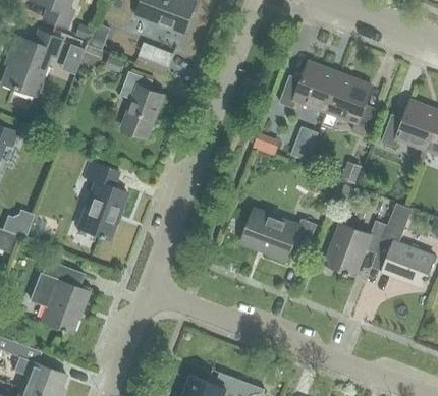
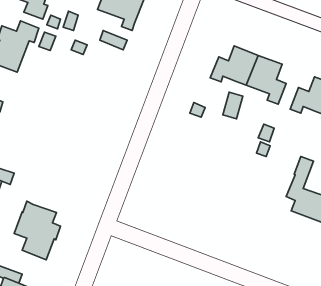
building: [120,72,164,136] -> none
building: [77,162,127,240] -> none
building: [241,209,317,261] -> none
building: [325,221,387,275] -> none

